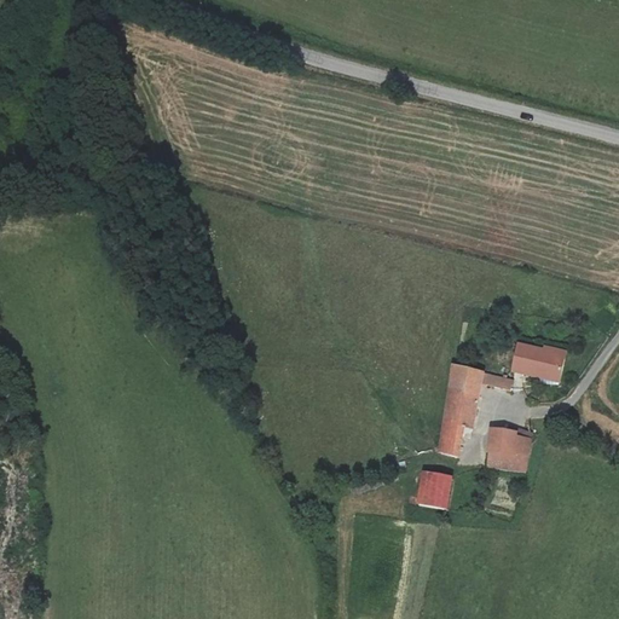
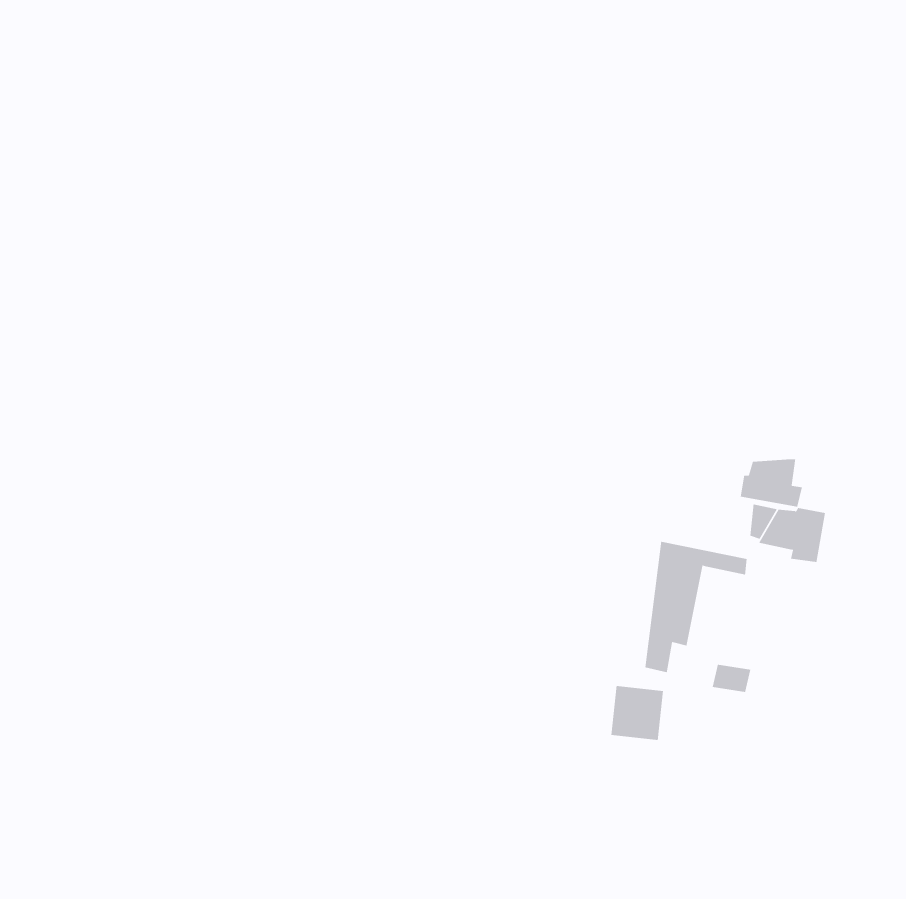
building: none -> [740,458,802,507]
building: [490,429,534,458] -> none

